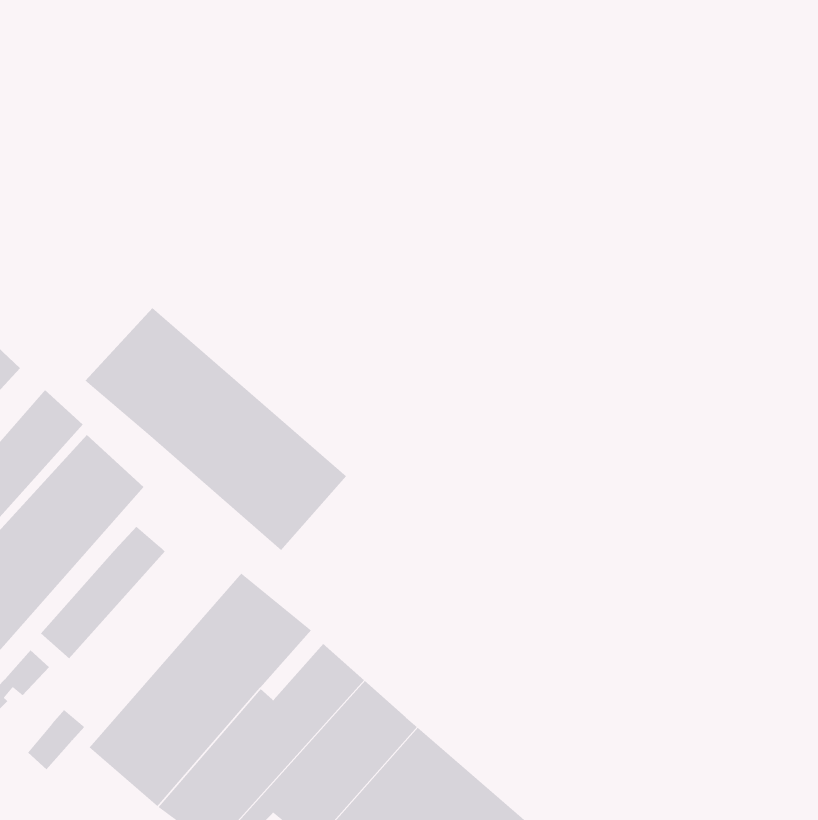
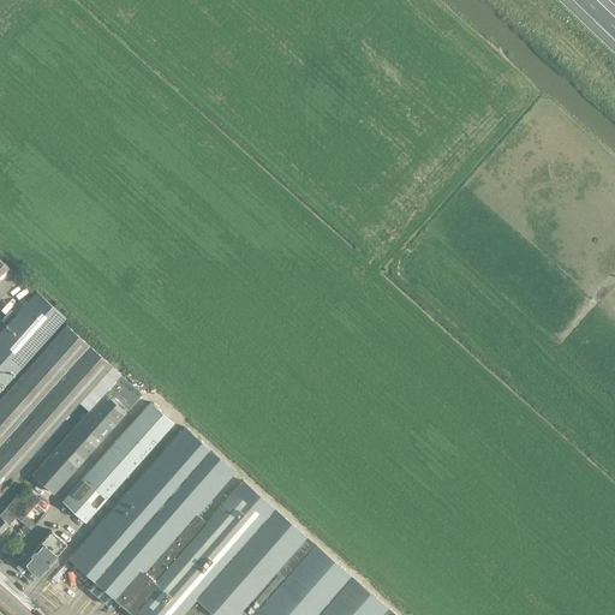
building: [84,307,347,551] -> none
building: none -> [102,376,138,411]
building: none -> [60,402,171,523]

